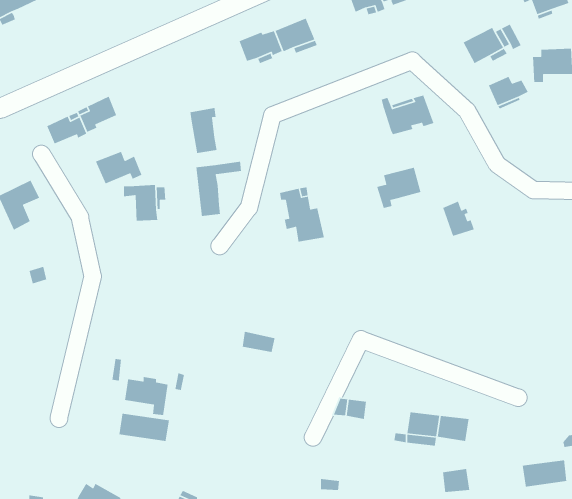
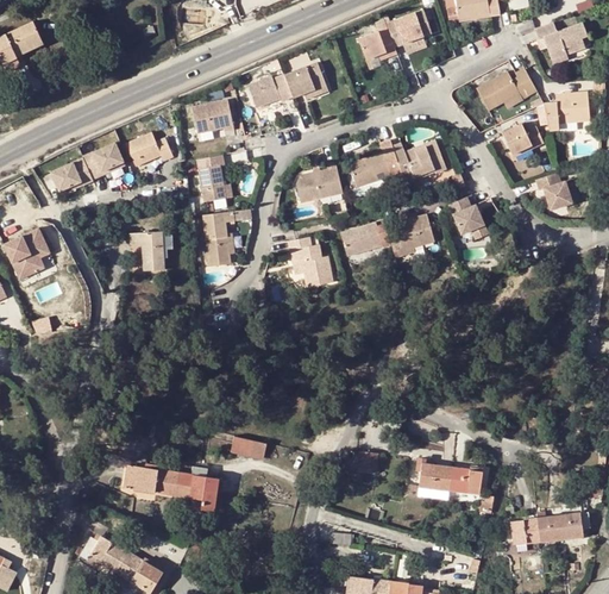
building: none -> [192,99,234,133]
building: none -> [351,139,402,186]
building: none -> [295,160,343,201]
building: none -> [534,171,571,208]
building: [95,151,143,185] -> [125,132,174,167]
building: none -> [343,226,383,260]
building: [442,201,475,237] -> [450,195,483,232]
building: [242,331,276,353] -> [232,437,266,459]
building: [124,376,168,416] -> [174,470,219,511]
building: [442,468,470,493] -> [511,519,540,544]

